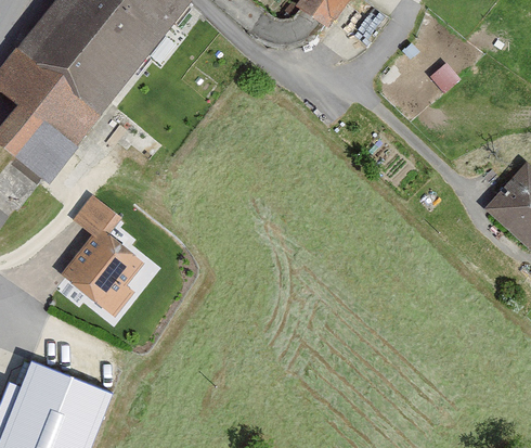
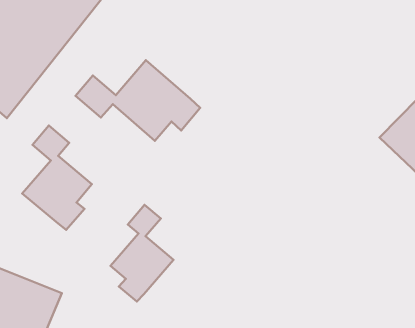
building: none -> [75,60,200,141]
building: none -> [111,205,173,301]

